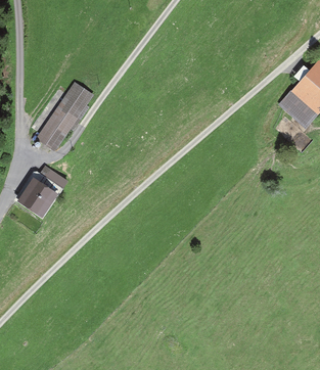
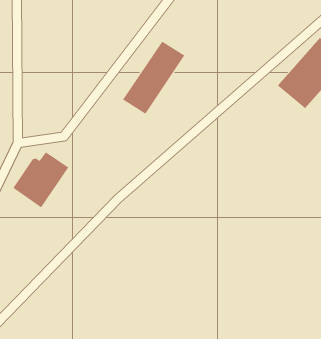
building: [38,81,98,151] -> [122,41,185,114]

